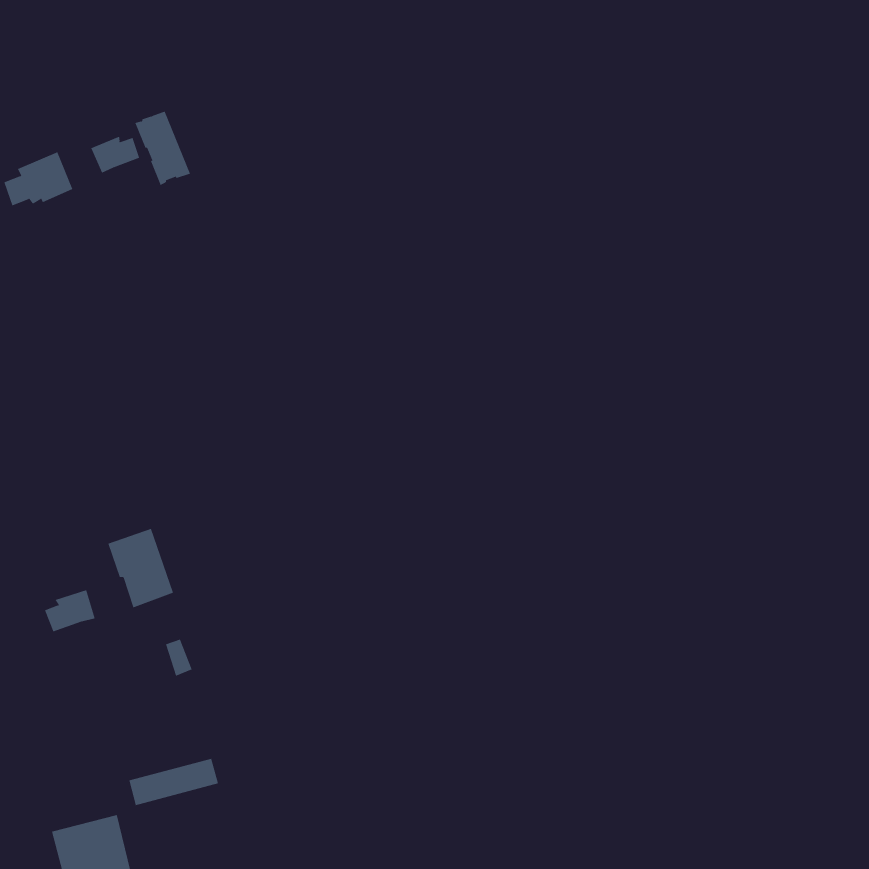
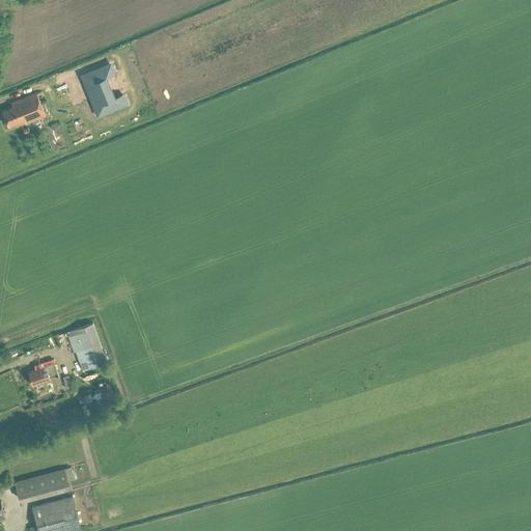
building: [91,136,140,174] -> none
building: [128,758,219,806] -> [13,469,68,498]

